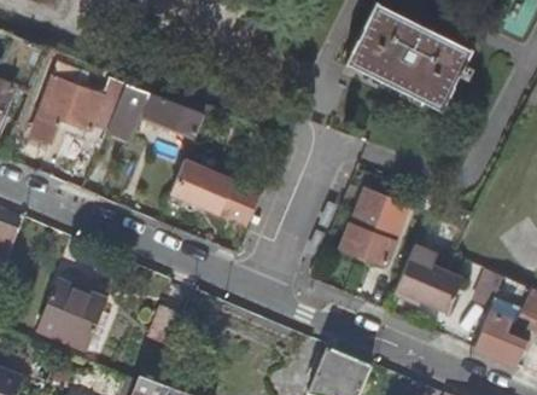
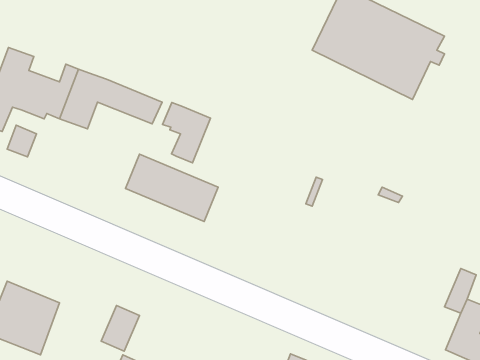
building: none -> [163,103,210,163]
building: [342,186,405,261] -> none
building: [395,243,460,309] -> none

